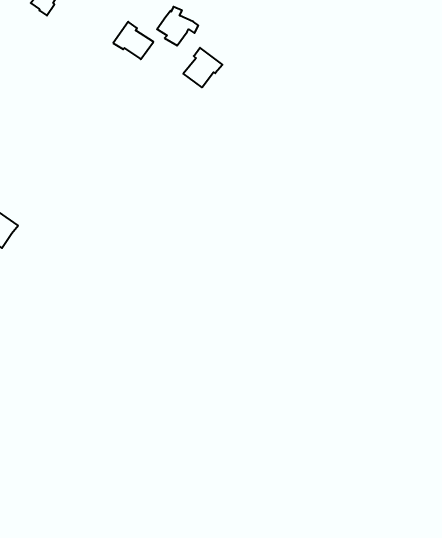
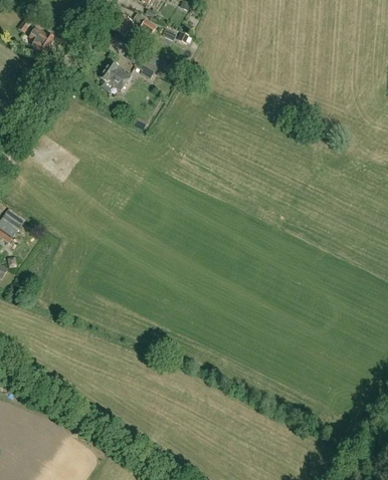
building: [183,48,222,87] -> none

